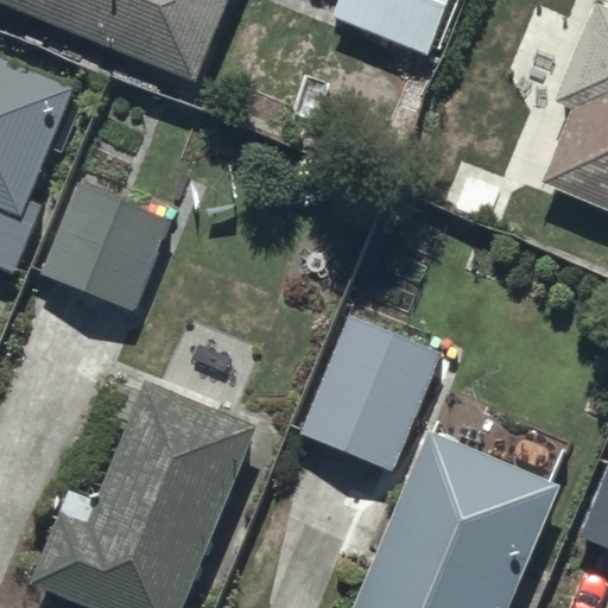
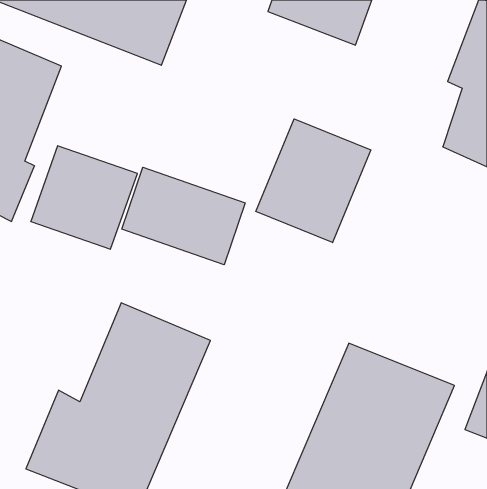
building: none -> [256,119,371,243]
building: none -> [122,167,245,265]
building: [299,314,437,467] -> none

